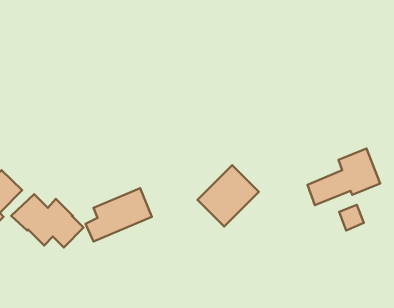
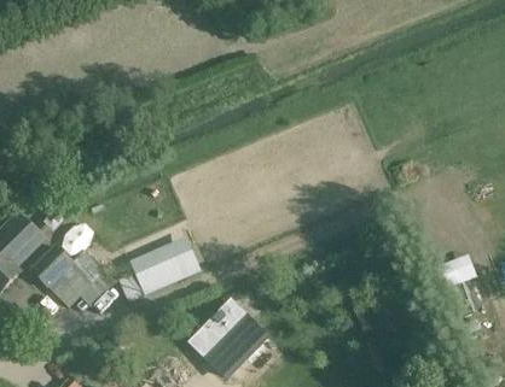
building: [307,149,380,205] -> none
building: [197,165,259,227] -> [190,300,265,375]

